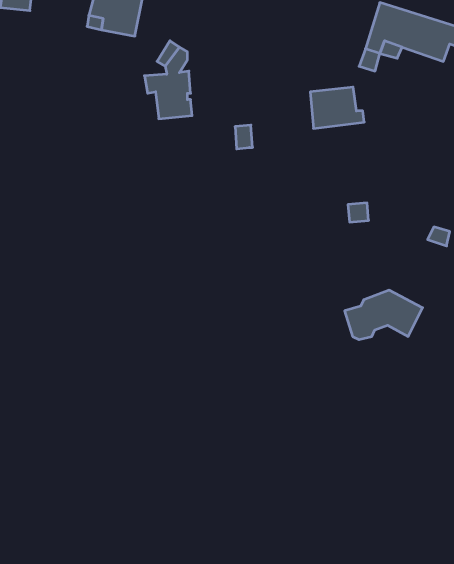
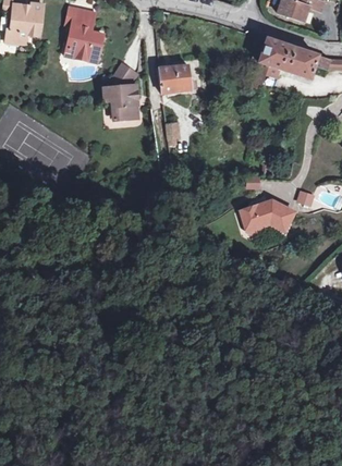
building: [310,87,364,128] -> [160,64,197,93]
building: [345,290,423,340] -> [242,199,295,233]

